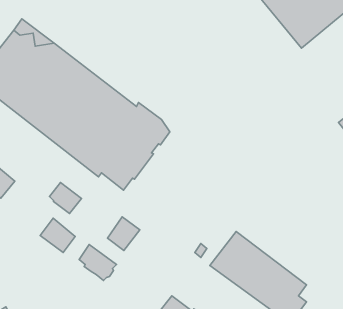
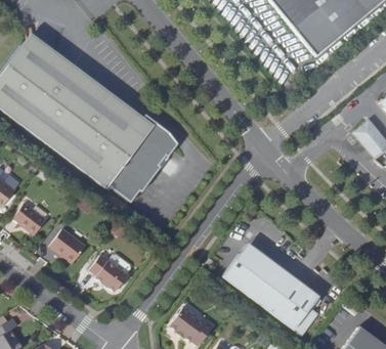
building: [49,182,82,214] -> [13,205,46,236]
building: [108,217,140,251] -> none

